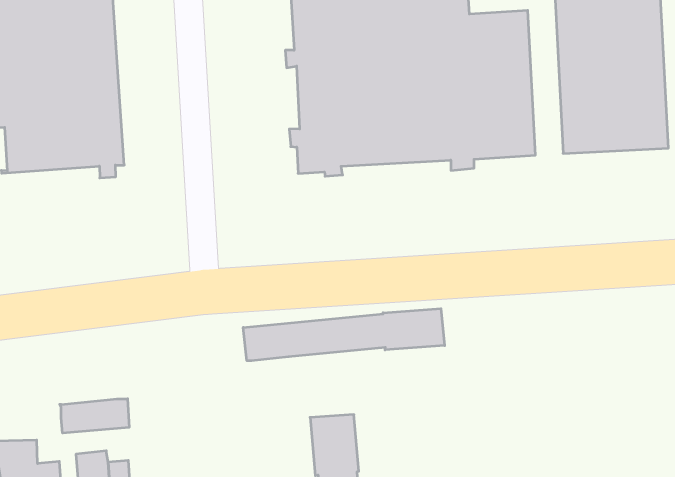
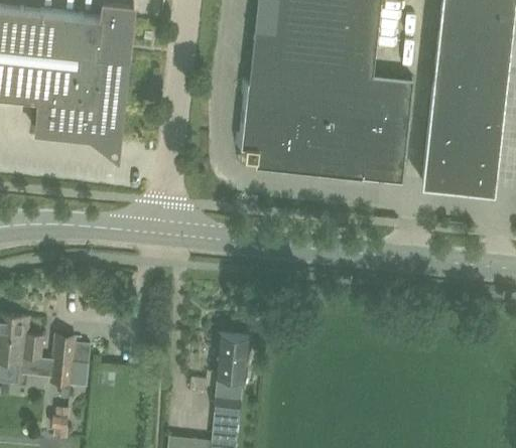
building: [243,309,445,361] -> none
building: [60,399,129,433] -> none

